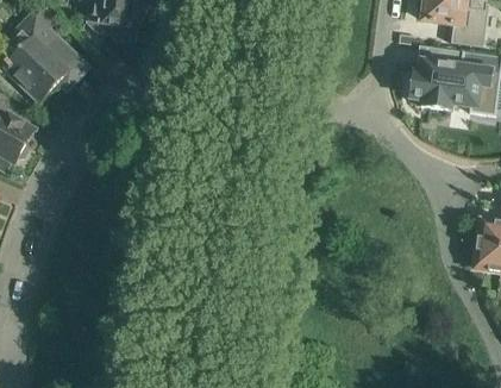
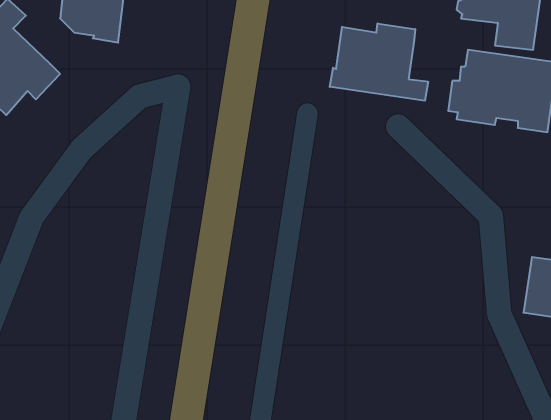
building: none -> [330,23,428,101]

